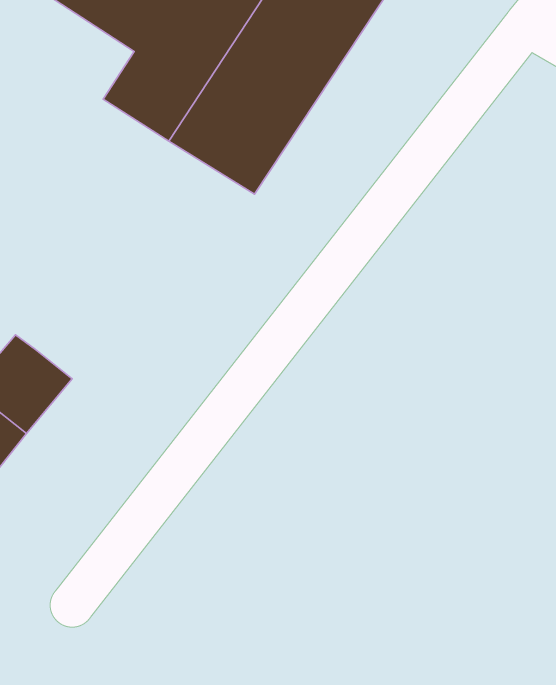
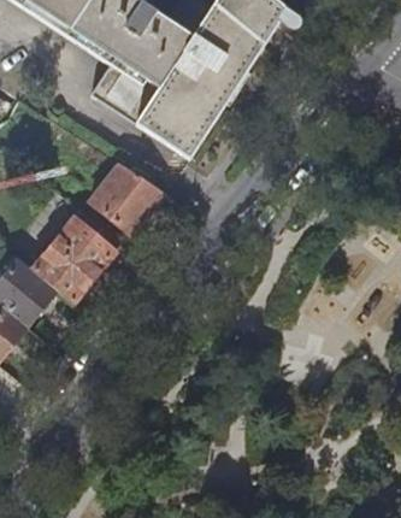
building: none -> [93,161,169,231]
building: none -> [36,208,126,299]

